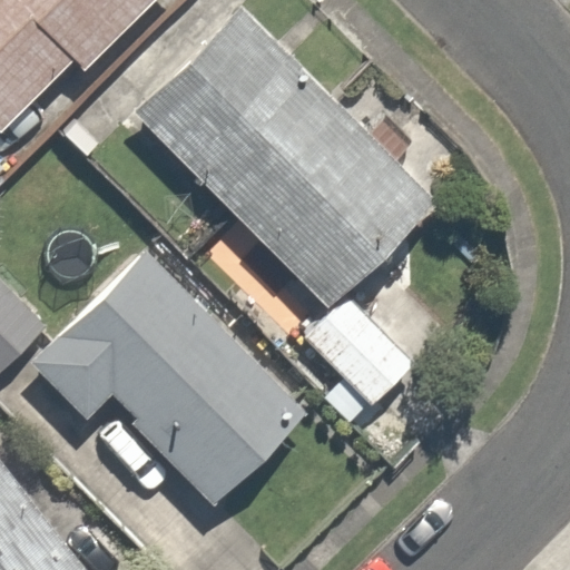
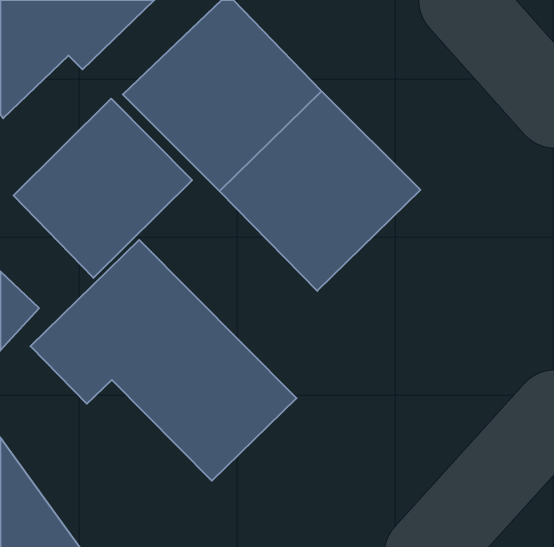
building: none -> [14,99,192,278]
building: [298,291,419,411] -> none

